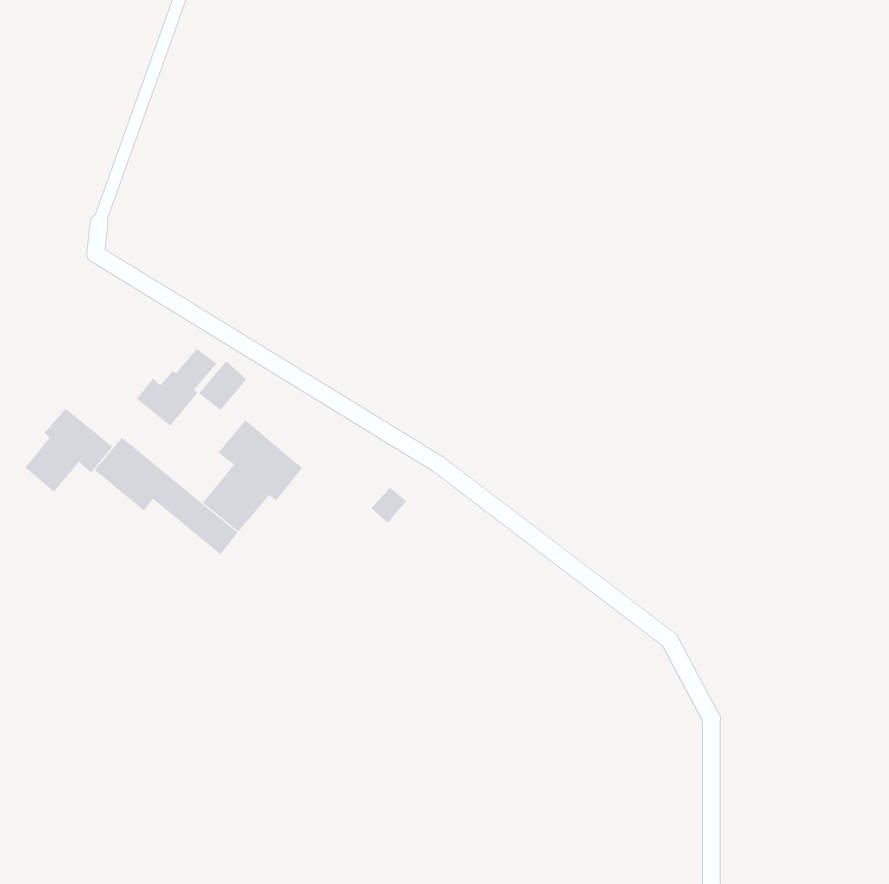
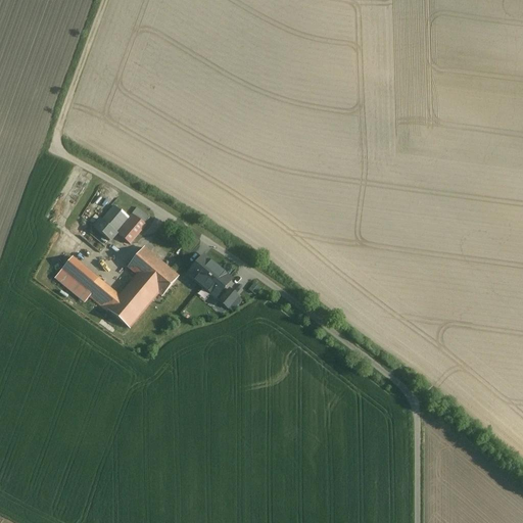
building: [25,408,113,493] -> none
building: none -> [188,254,231,292]

